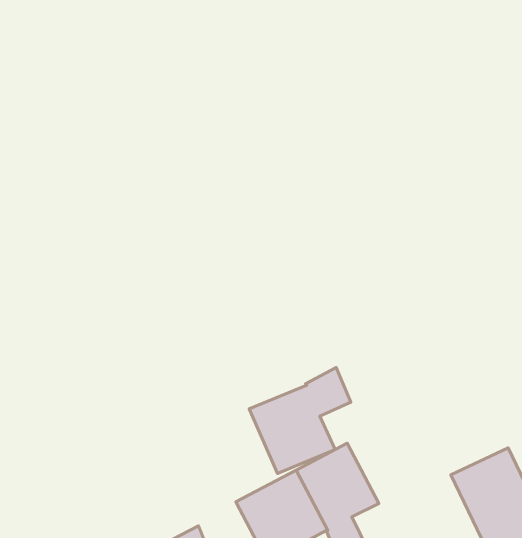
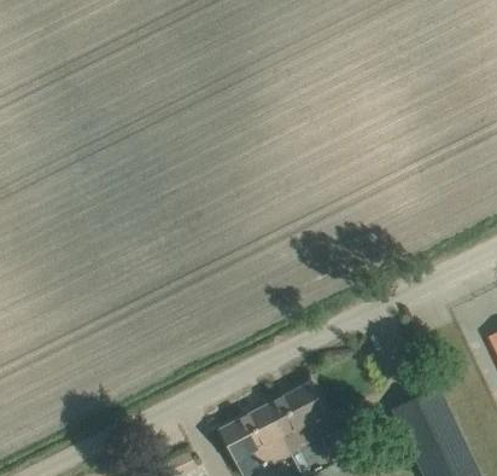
building: [249,367,351,473] -> none

